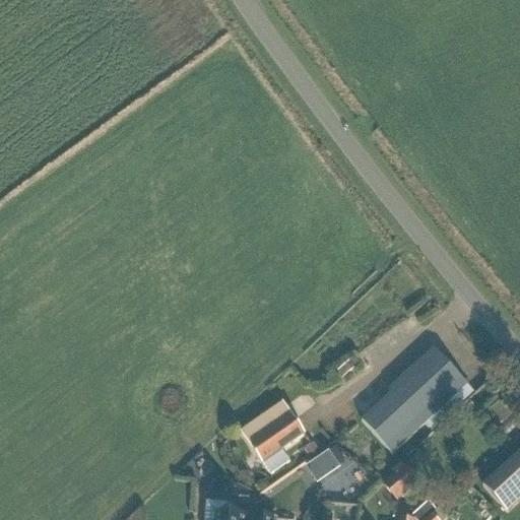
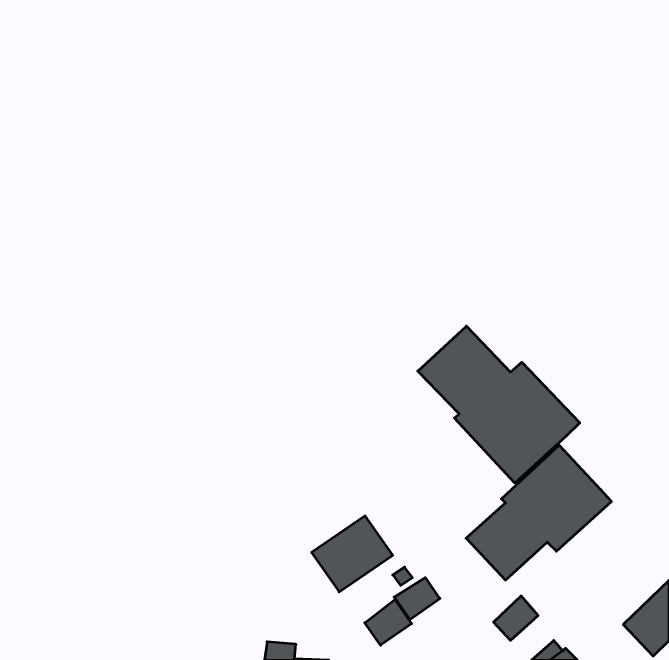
building: none -> [418,326,580,483]
building: none -> [365,599,412,645]

